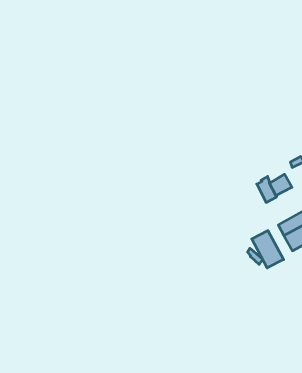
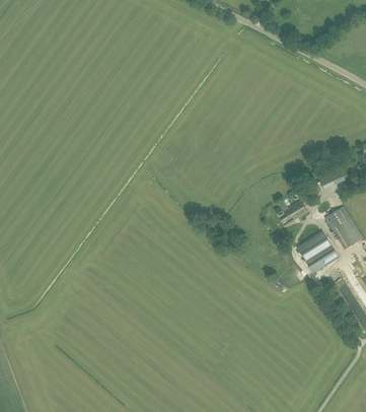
building: [252,231,284,268] -> none

